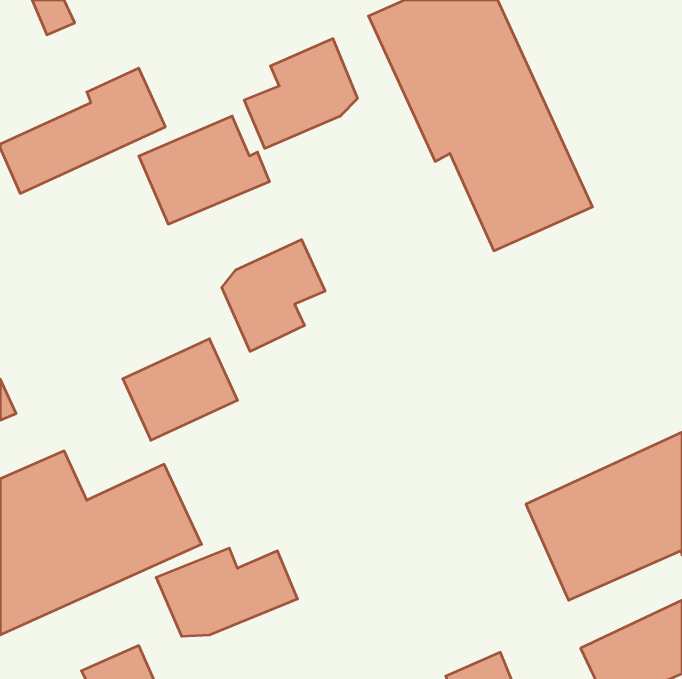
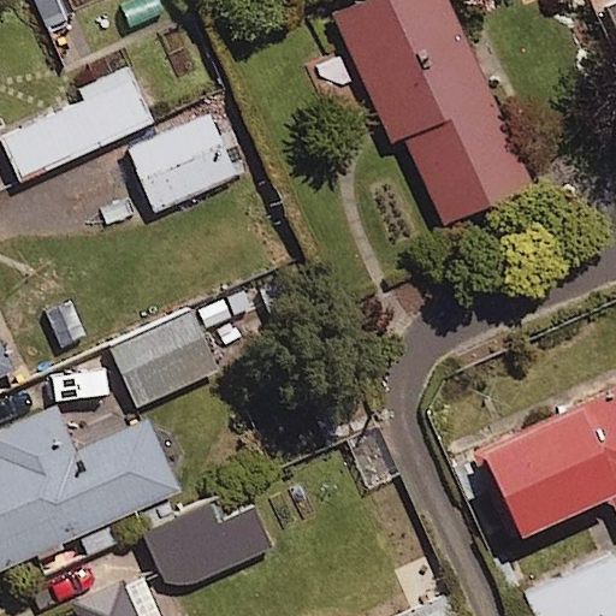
building: [244,39,357,148] -> none
building: [222,240,325,351] -> none

